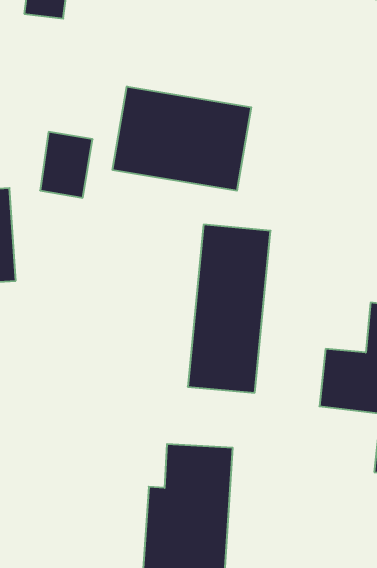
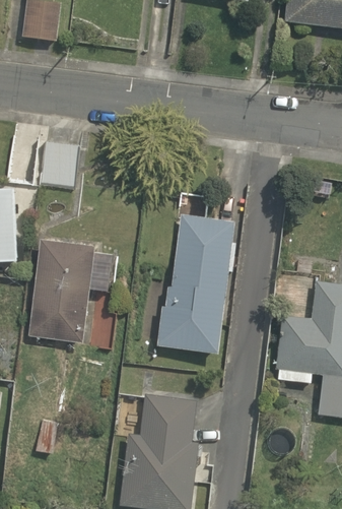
building: [113,86,251,191] -> none
building: none -> [31,240,111,340]

